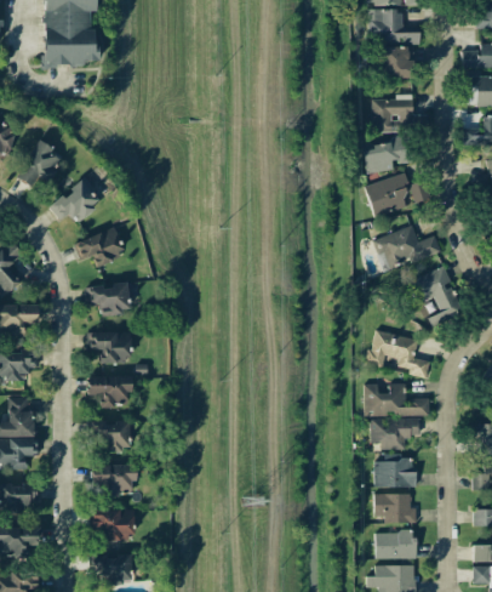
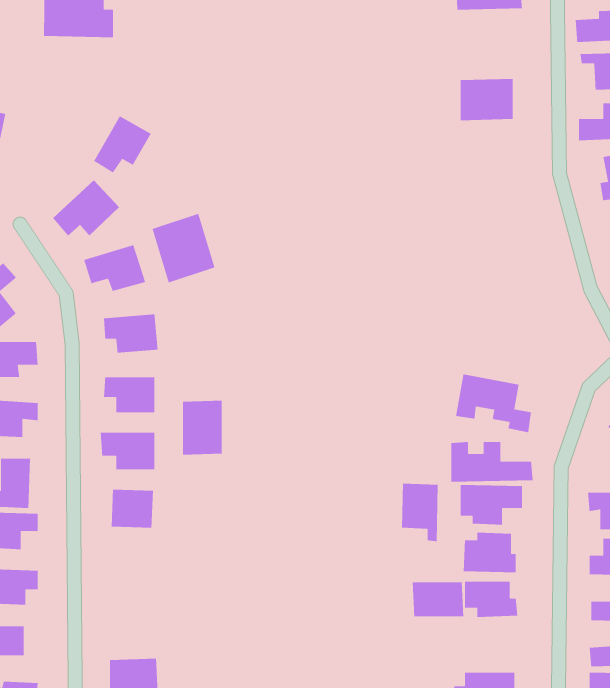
building: [382,46,416,78] -> none
building: [362,138,411,173] -> none
building: [16,141,62,187] -> [93,115,152,174]
building: [364,172,425,218] -> none
building: none -> [152,213,215,284]
building: [372,226,441,271] -> none
building: [410,267,462,317] -> none
building: none -> [182,400,222,455]
building: none -> [401,483,438,542]
building: [92,465,136,495] -> none
building: [92,510,135,540] -> none
building: [374,531,416,559] -> [412,582,464,617]

